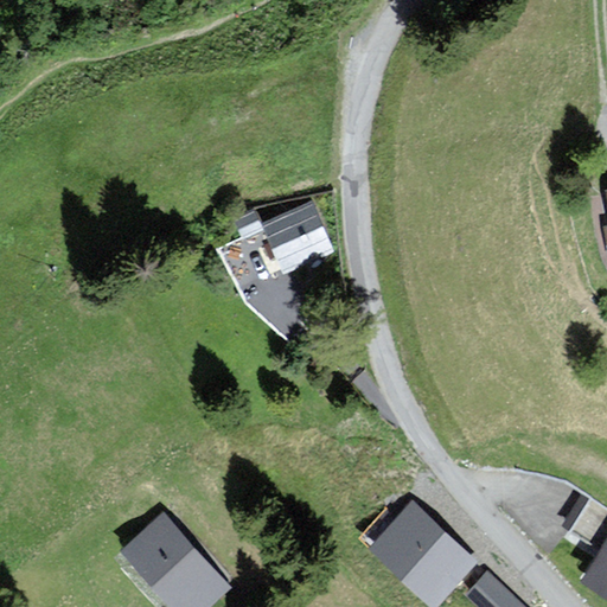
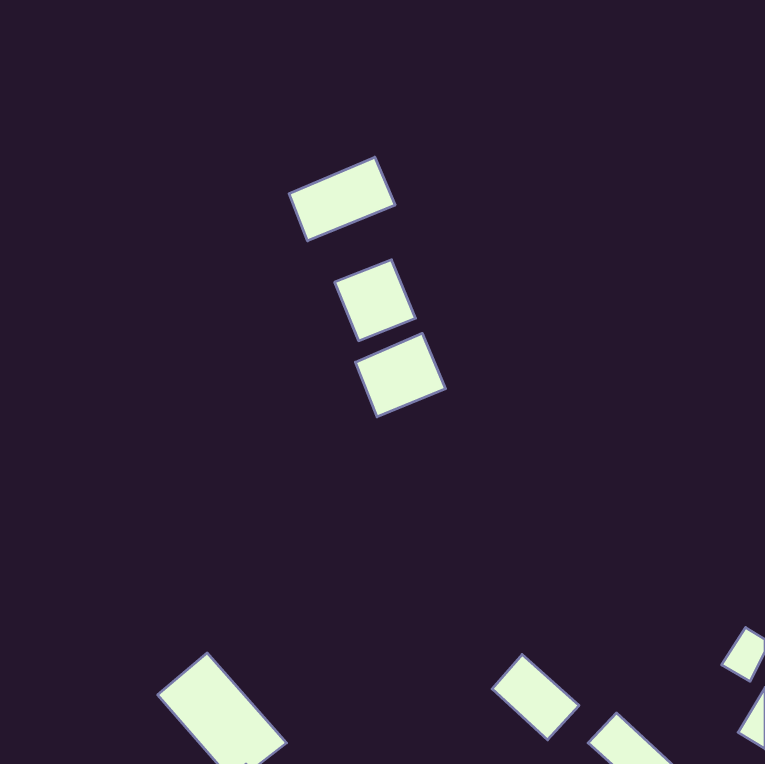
building: none -> [289,157,395,241]
building: none -> [355,333,446,417]

